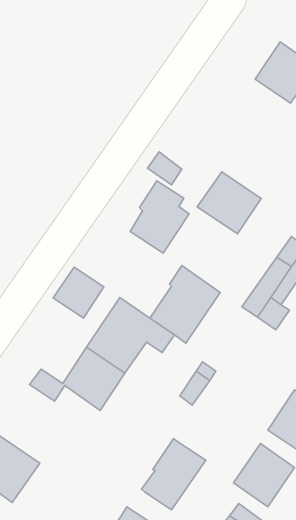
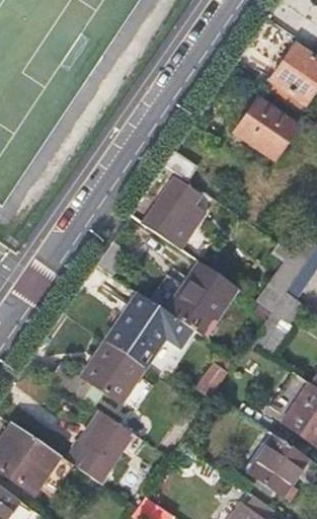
building: [197,172,261,234] -> [234,97,297,158]
building: [53,267,104,318] -> none
building: [142,438,206,510] -> [70,413,133,483]

